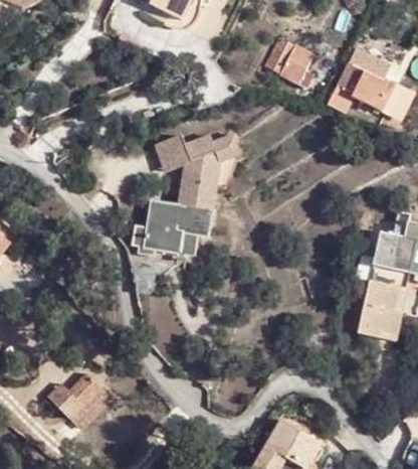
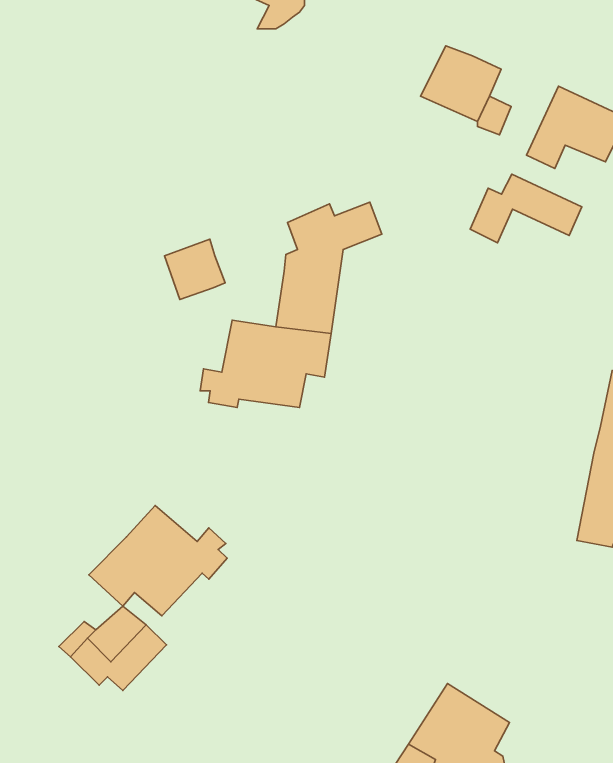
building: none -> [470,174,582,243]
building: [156,133,192,169] -> [165,239,225,300]
building: none -> [89,505,227,616]

